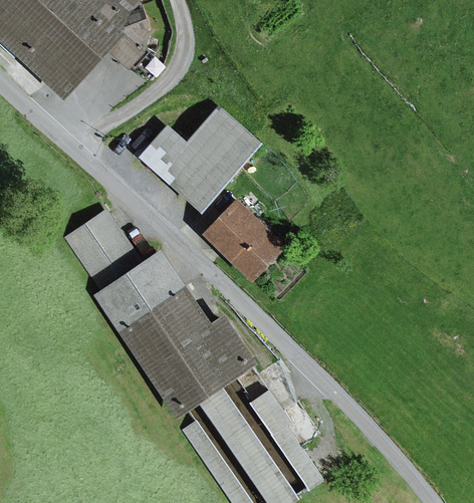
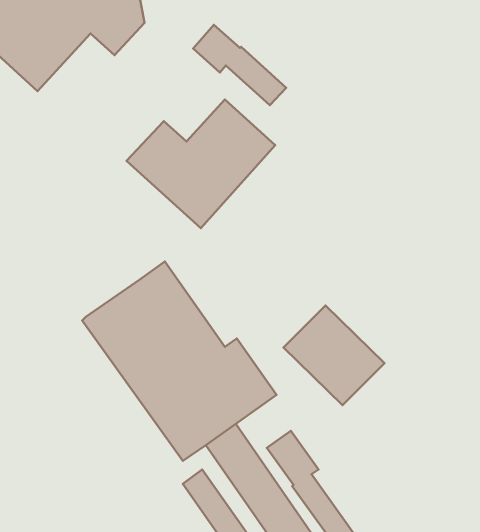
building: none -> [193,25,286,105]
building: [198,202,282,285] -> [284,305,384,405]
building: [62,206,144,290] -> none

